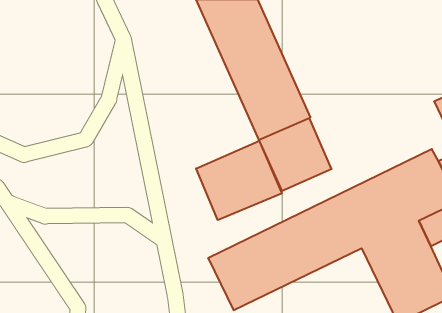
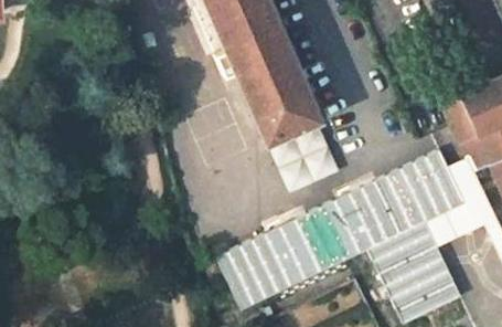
building: [196,141,282,220] -> none

